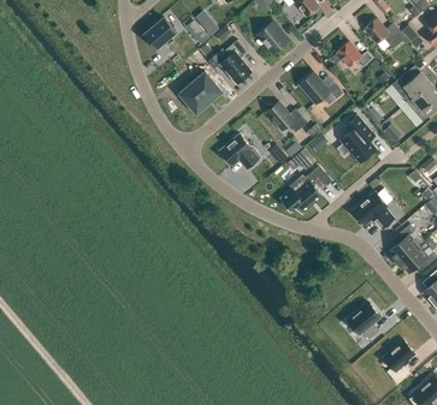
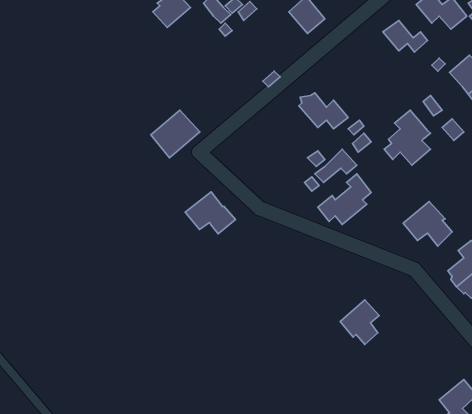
building: [220,38,252,83] -> none
building: [299,71,343,103] -> none
building: [181,72,222,112] -> [151,110,200,158]
building: [219,133,261,168] -> [185,192,236,234]
building: [348,302,380,339] -> [340,300,379,345]

